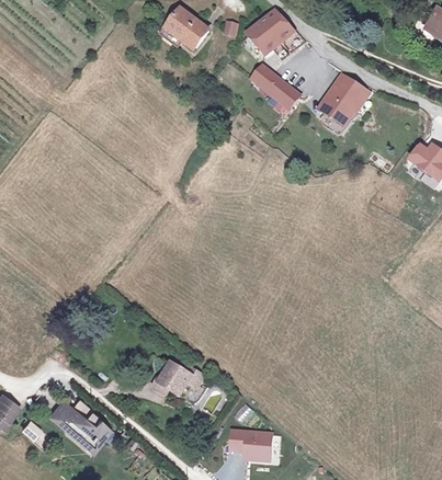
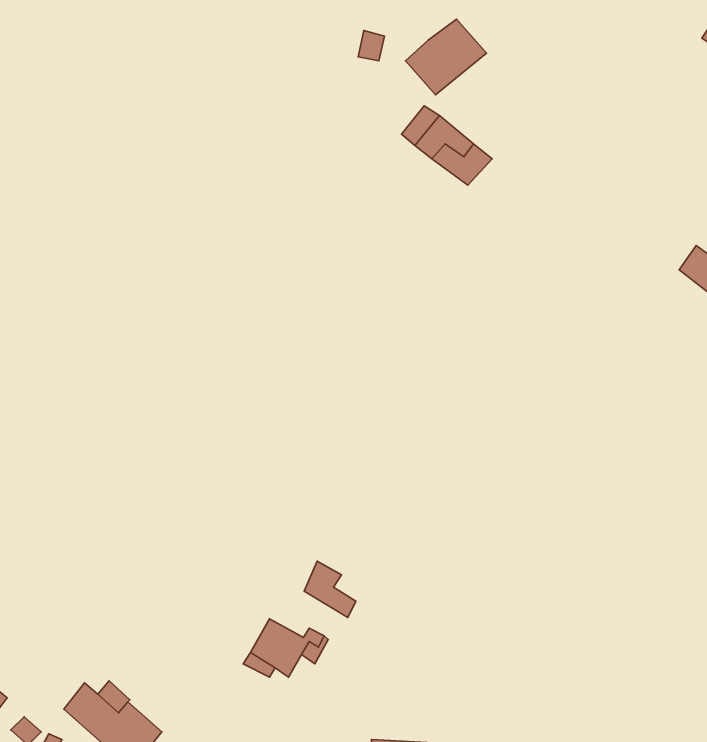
building: [170,8,211,48] -> none
building: [320,76,366,127] -> none
building: none -> [304,561,356,617]

